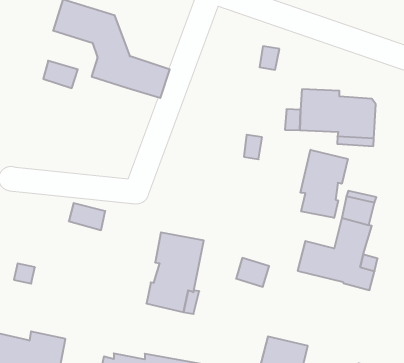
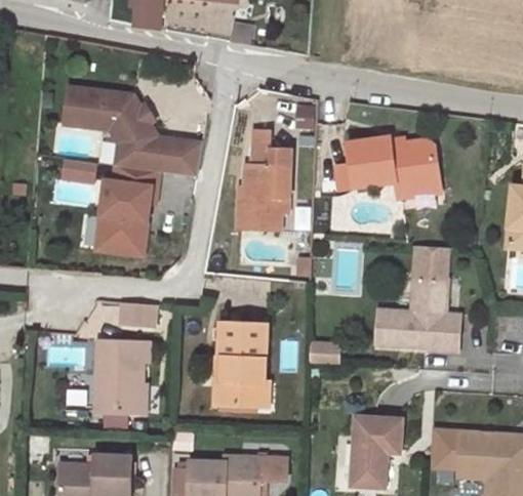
building: none -> [235,129,287,229]
building: none -> [95,166,157,255]
building: [301,150,348,218] -> none
building: none -> [97,336,153,413]

